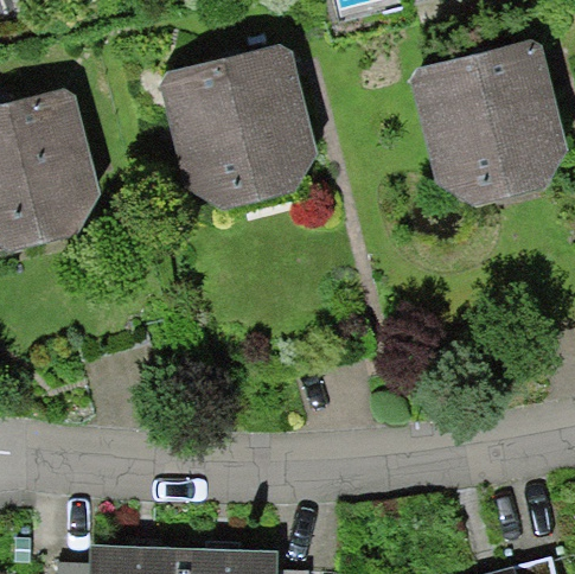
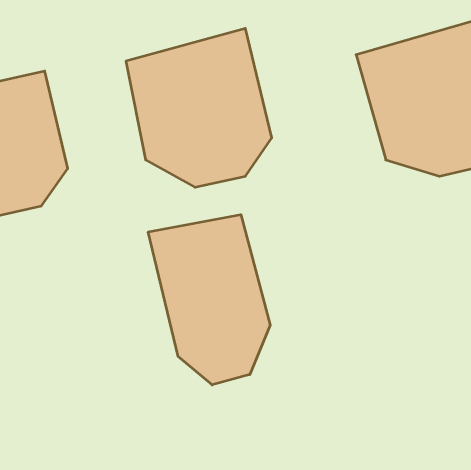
building: none -> [148,215,270,385]

